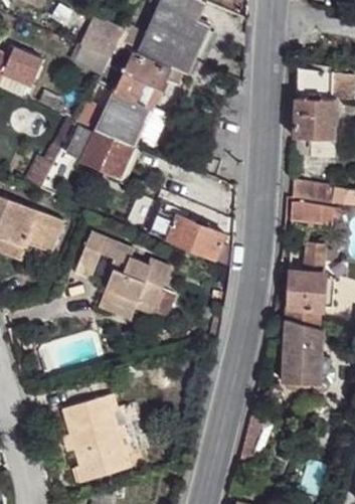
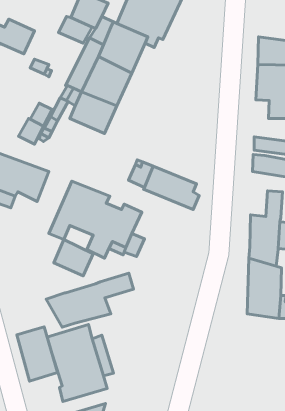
building: none -> [54,240,93,276]
building: none -> [46,273,134,327]
building: none -> [17,327,57,381]

